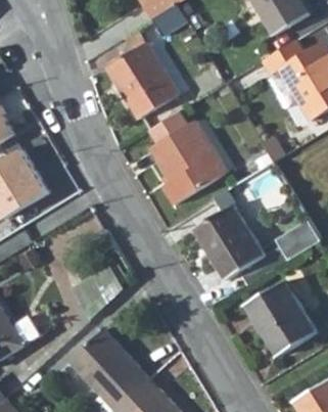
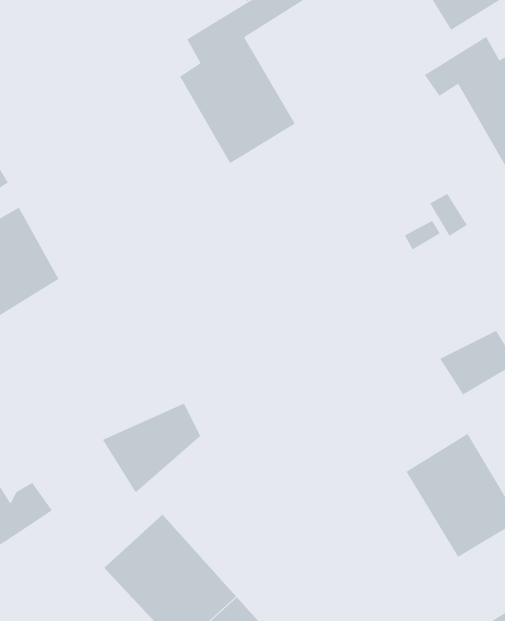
building: [154,111,230,204] -> none
building: [196,205,267,281] -> none

